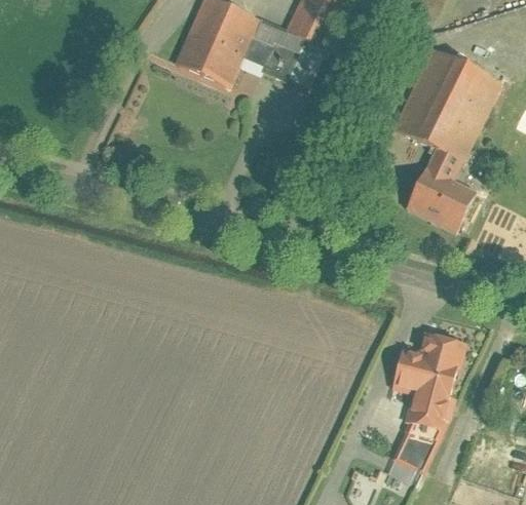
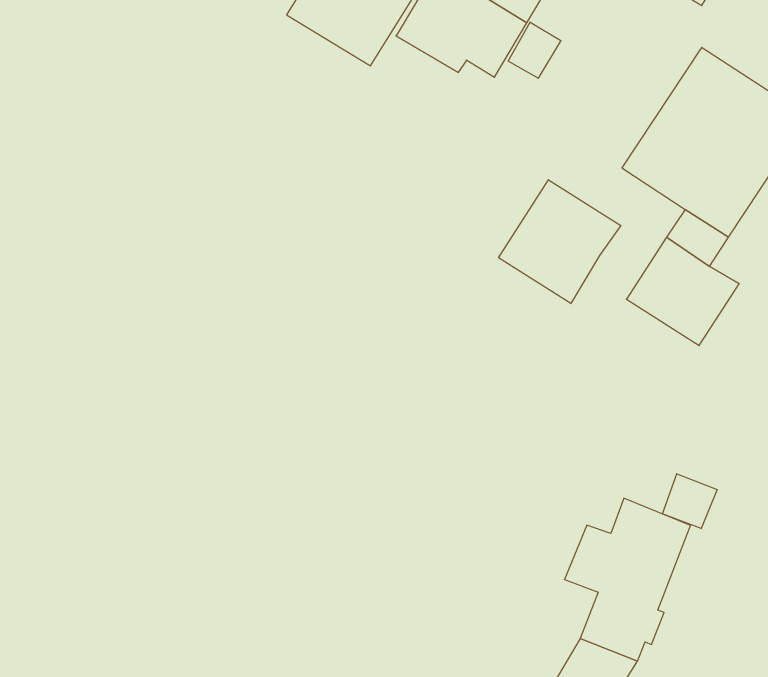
building: none -> [508,22,561,78]
building: none -> [499,180,621,304]
building: none -> [662,474,717,529]

